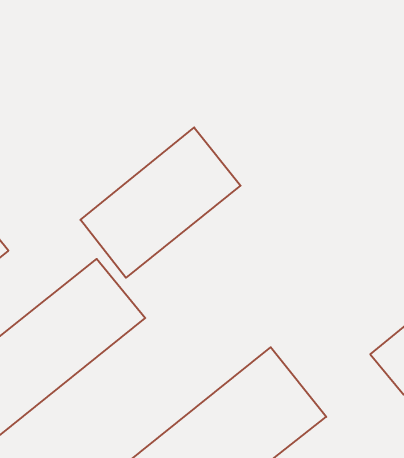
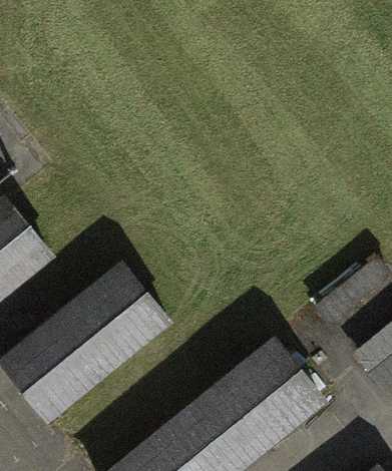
building: [80,127,241,278] -> none

